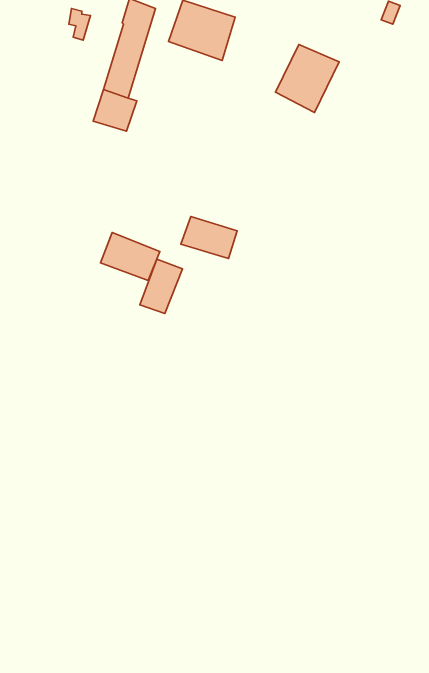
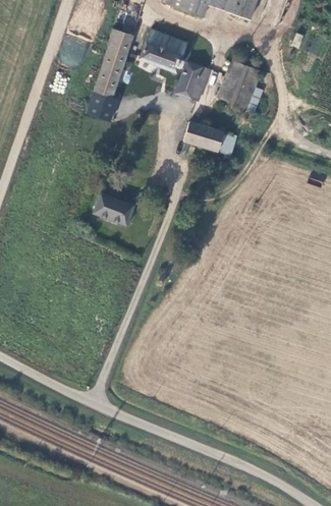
building: none -> [179,57,206,99]
building: [181,217,237,258] -> [183,121,223,151]
building: [140,259,182,314] -> none

